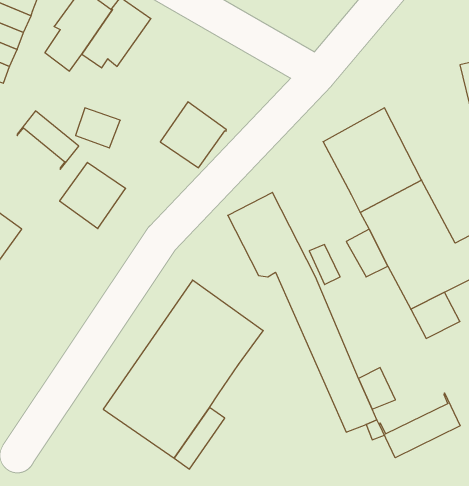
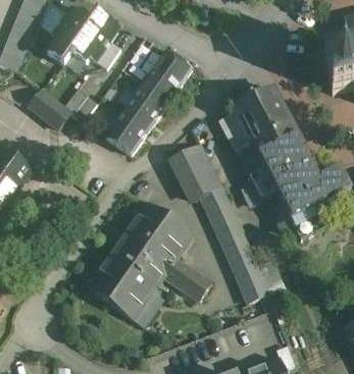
building: none -> [142,49,191,101]
building: none -> [218,111,250,152]
building: [60,162,126,229] -> [105,109,149,153]
building: none -> [162,257,211,301]
building: [380,393,460,458] -> none

